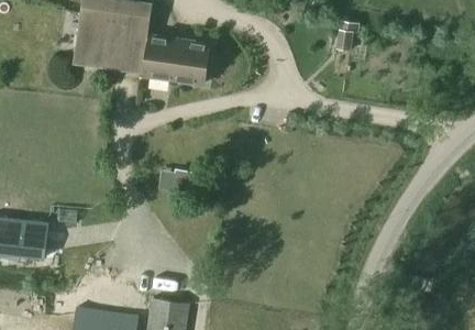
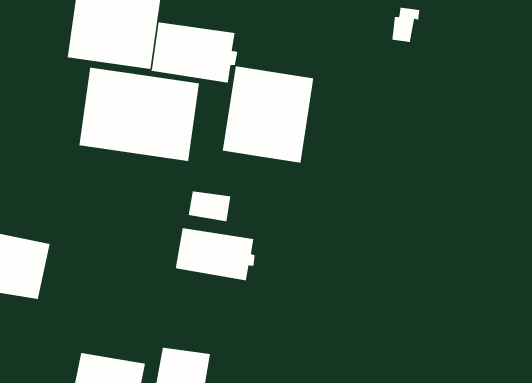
building: none -> [222,66,314,163]
building: none -> [79,67,199,162]
building: none -> [175,227,255,281]

